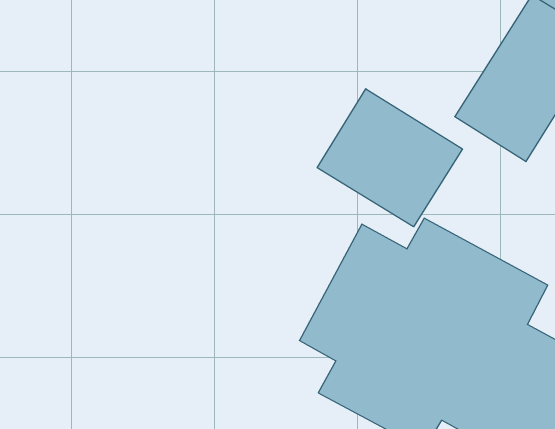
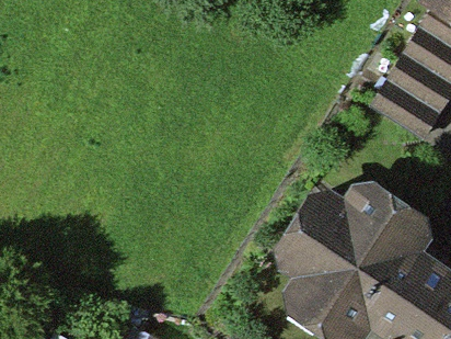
building: [317,89,462,227] -> none

